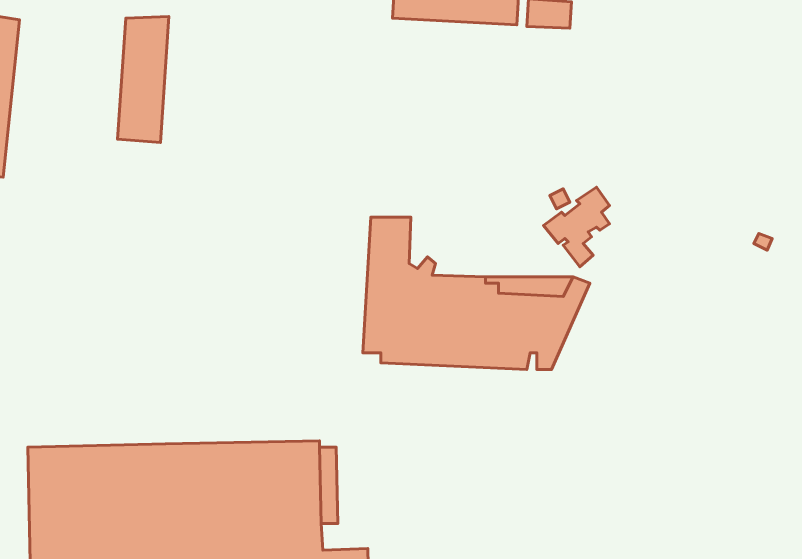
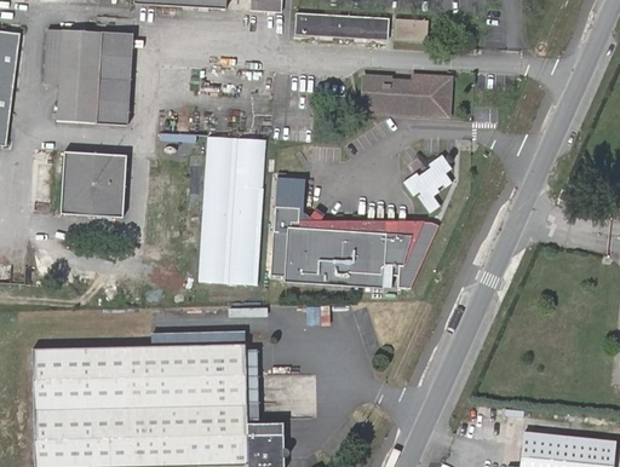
building: none -> [45,29,99,121]
building: none -> [361,75,452,116]
building: none -> [199,137,266,287]
building: none -> [59,151,124,215]

